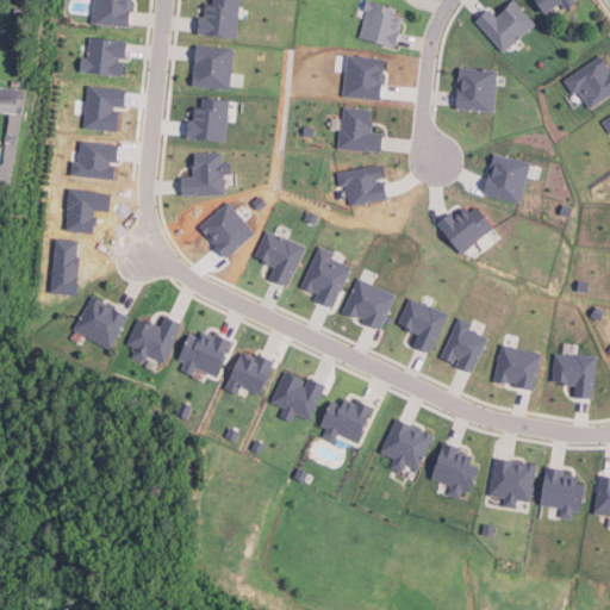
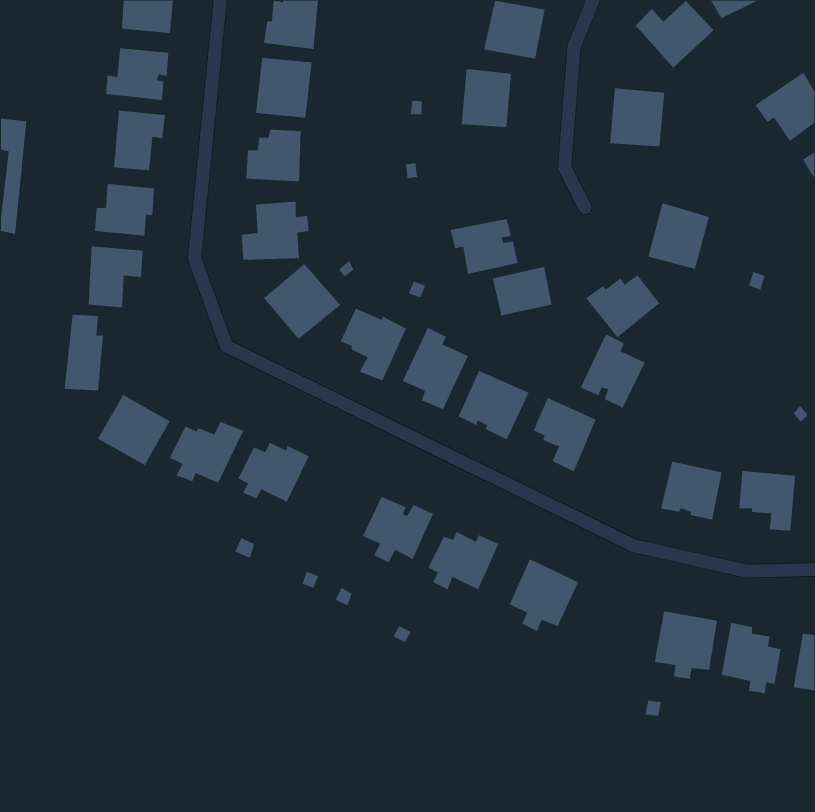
building: [337,107,381,152] -> none
building: none -> [492,266,552,316]
building: [438,318,487,374] -> [580,334,645,409]
building: [223,351,272,397] -> none
building: [430,442,477,498] -> none

